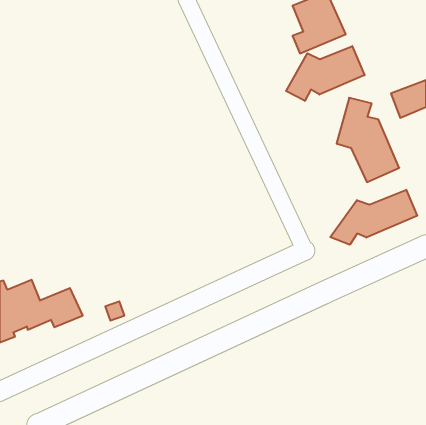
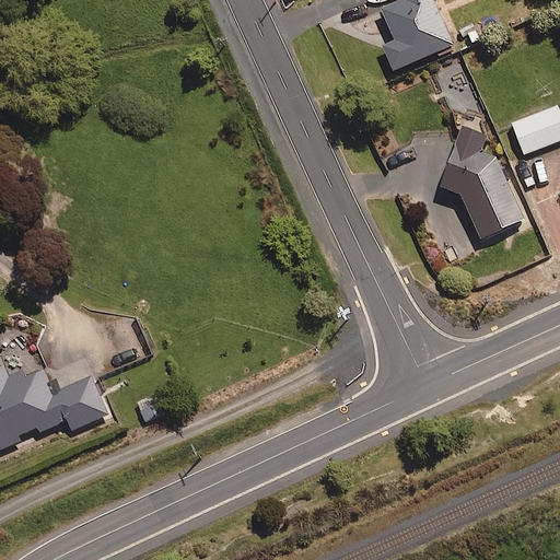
building: [286,46,365,101] -> none
building: [330,190,417,245] -> none

